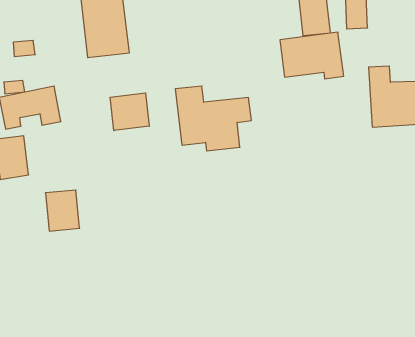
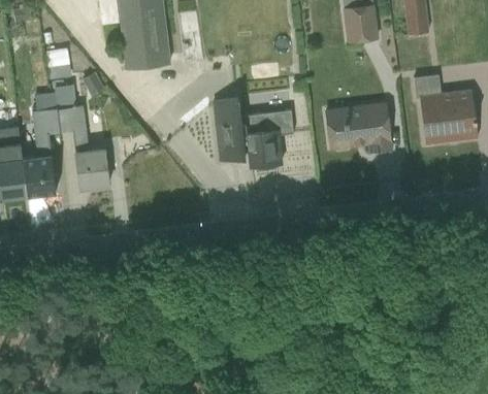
building: [280,32,344,79] -> [324,101,393,152]
building: [110,93,149,131] -> none
building: [45,190,80,231] -> [73,145,110,190]

